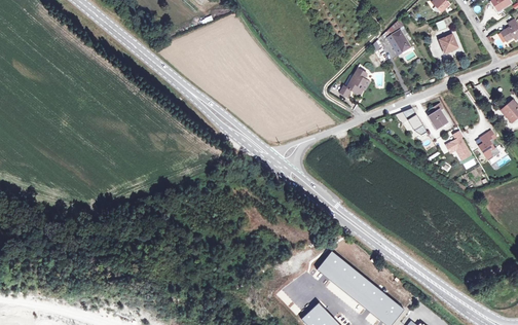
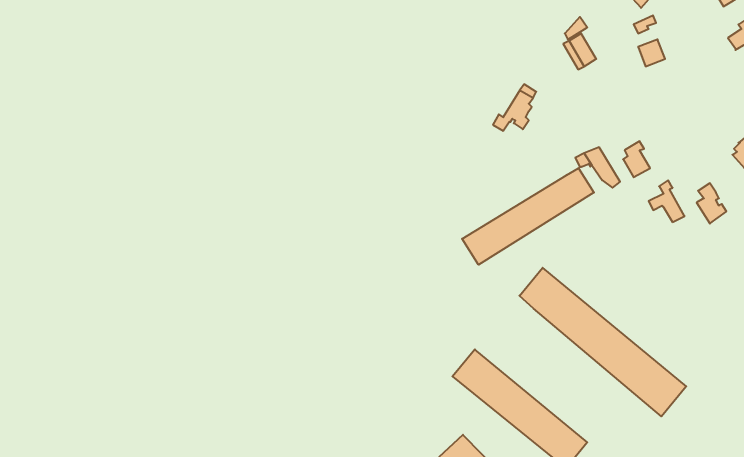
building: none -> [462,168,594,265]
building: none -> [519,268,686,416]

